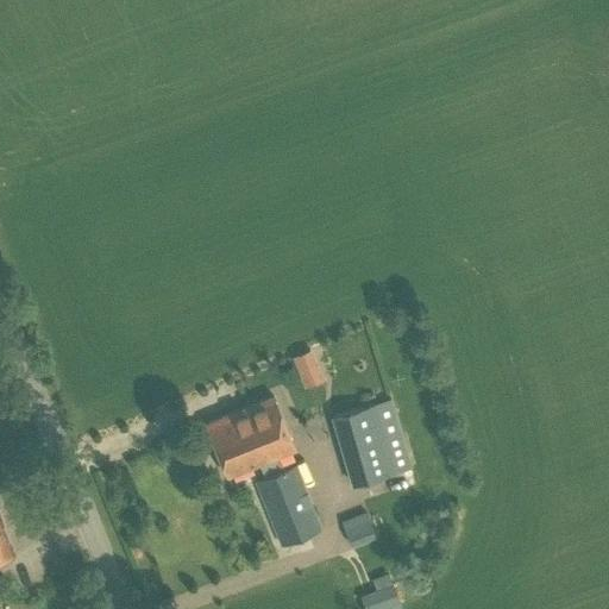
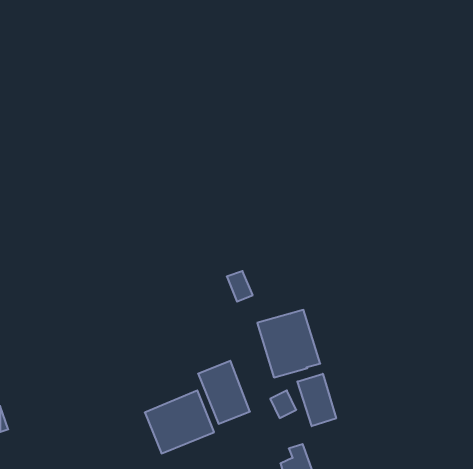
building: [206,400,295,481] -> [145,390,214,453]
building: none -> [297,374,336,426]

